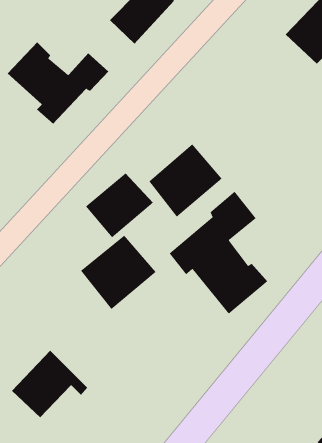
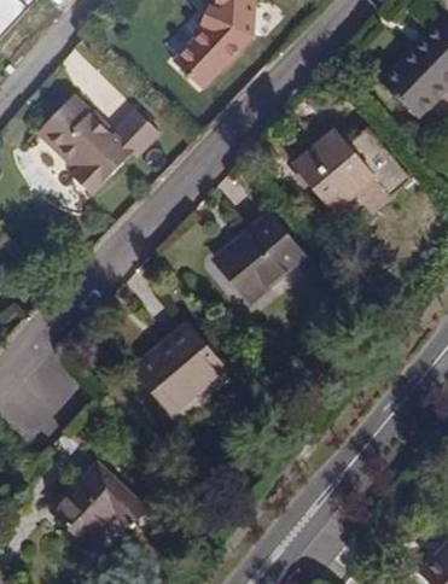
building: none -> [292,128,409,214]
building: [85,172,154,238] -> none
building: [169,191,268,314] -> none

